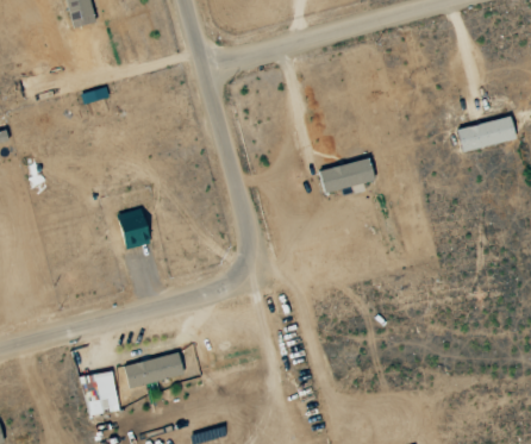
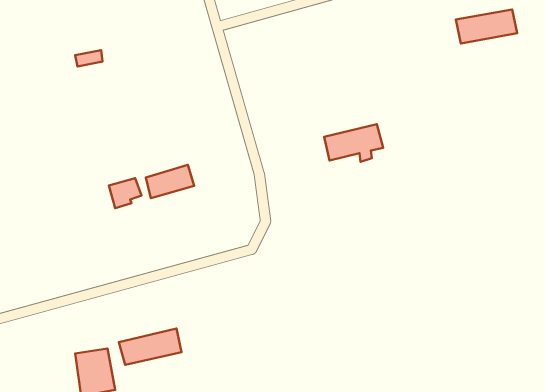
building: [457,119,516,151] -> [456,10,517,43]
building: none -> [146,165,194,198]

